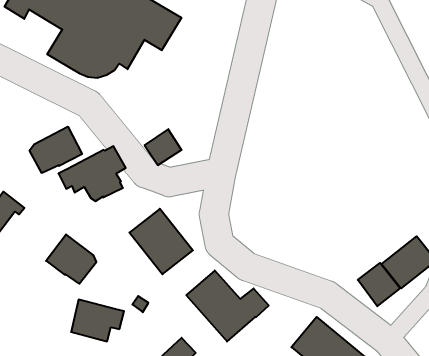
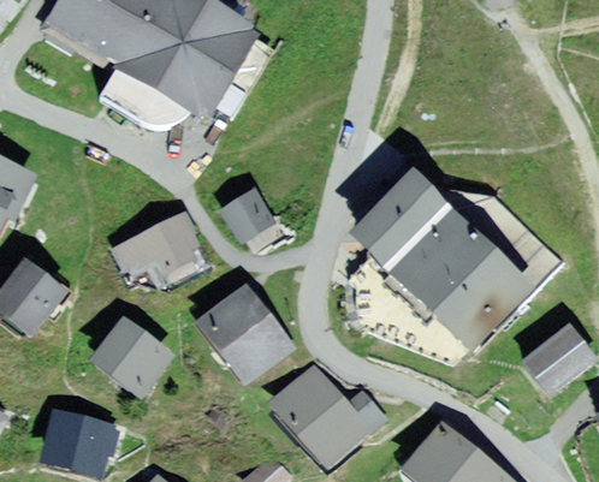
building: none -> [357,182,561,343]
building: [30,127,82,173] -> none
building: [358,263,400,306] -> none
building: [71,300,124,341] -> [47,416,114,469]

